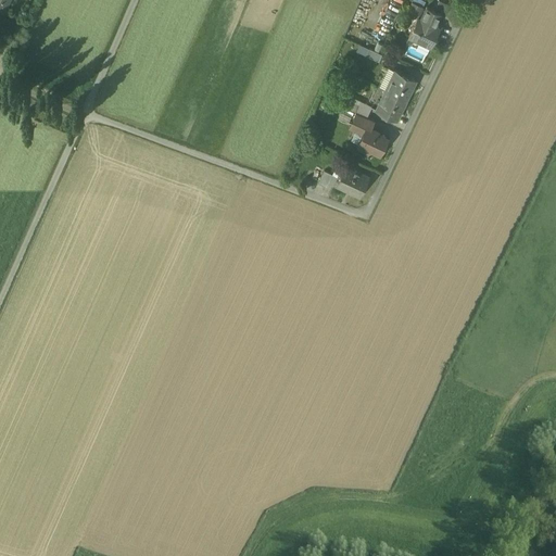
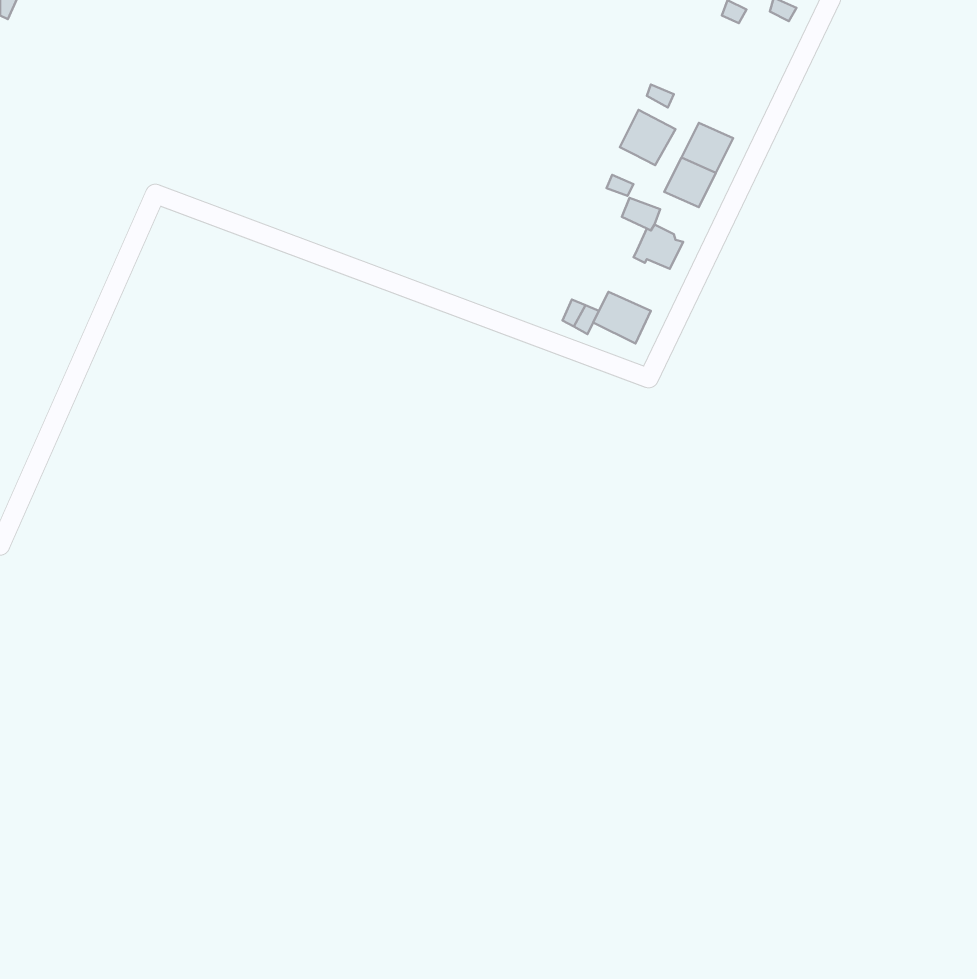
building: [410,5,442,45] -> none
building: none -> [620,110,675,165]

